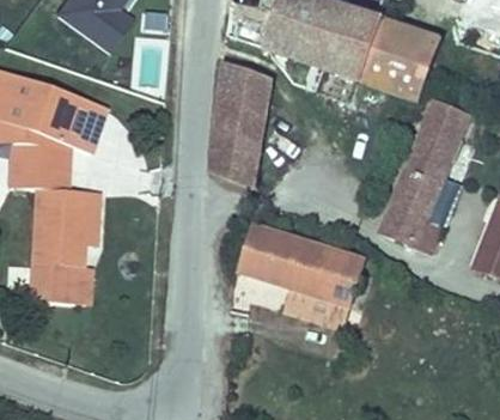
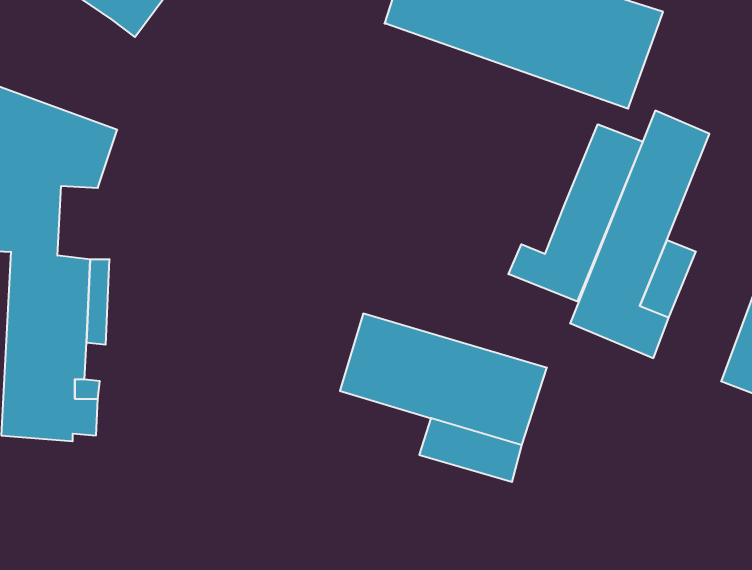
building: [213,61,269,187] -> none
building: none -> [508,124,643,301]

